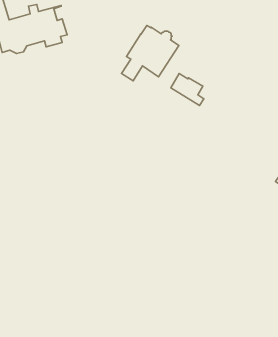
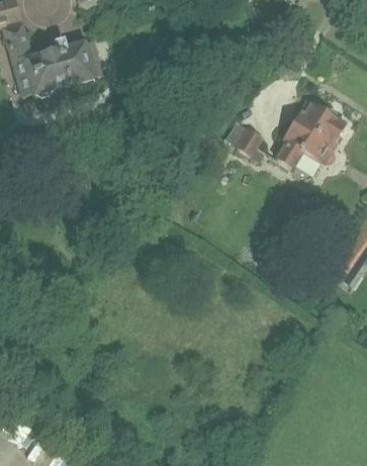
building: [122,25,179,81] -> [276,101,345,168]

